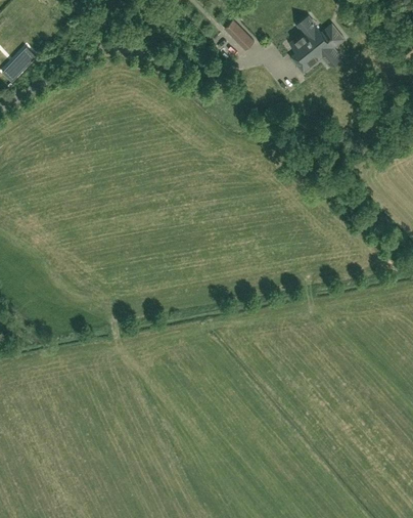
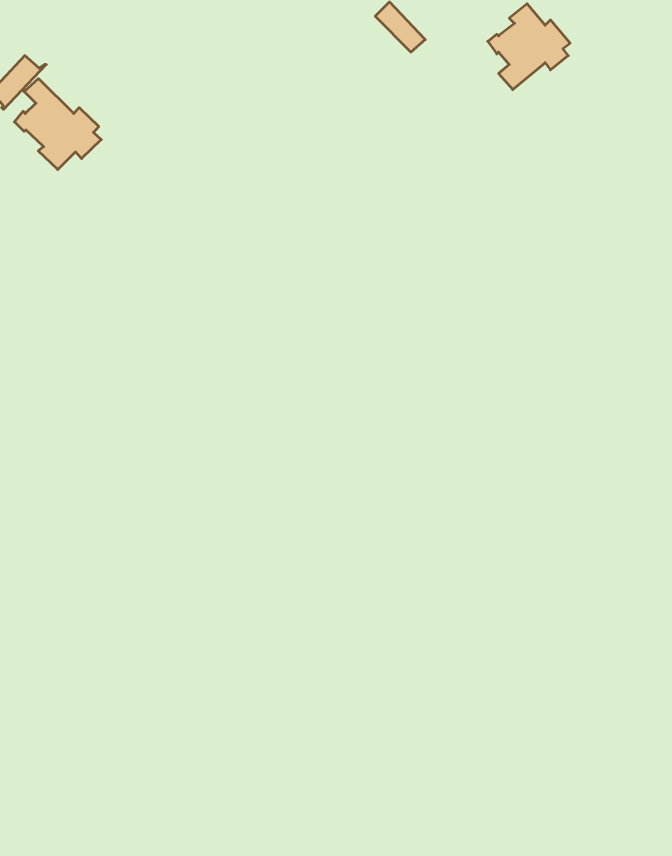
building: none -> [14,79,101,170]

